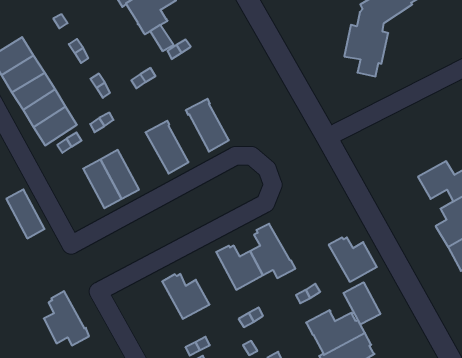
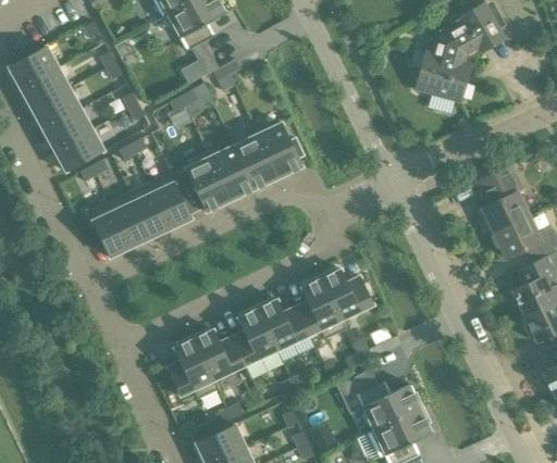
building: none -> [258,123,304,178]
building: none -> [210,146,255,201]
building: none -> [481,165,528,233]
building: none -> [150,173,193,229]
building: [6,189,45,238] -> [88,202,131,259]
building: [329,237,377,282] -> [320,270,374,321]
building: none -> [232,306,277,366]
building: [343,282,380,325] -> none
building: [44,291,89,345] -> [168,337,219,400]

